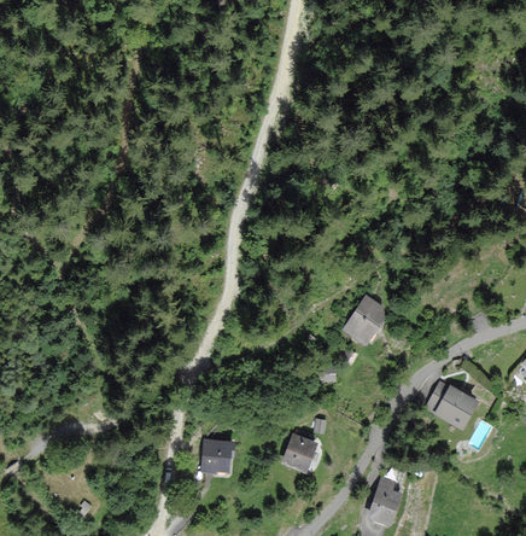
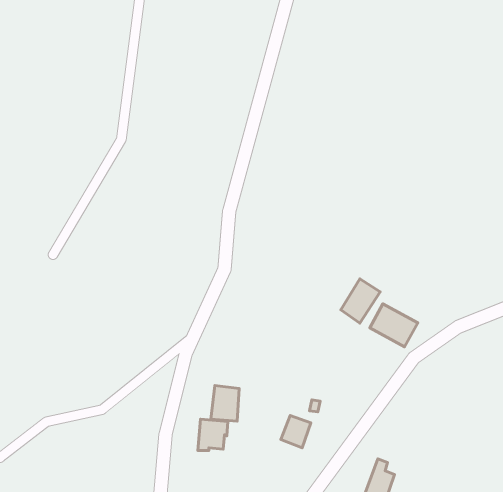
building: [426,383,474,426] -> [370,304,418,347]
building: none -> [211,386,239,421]

